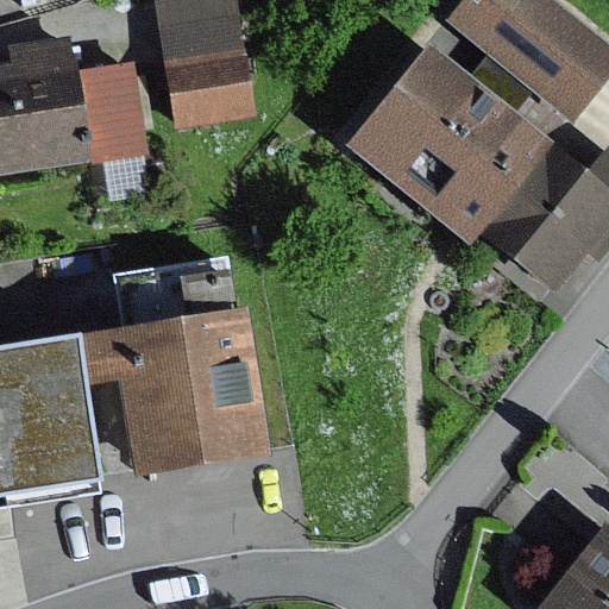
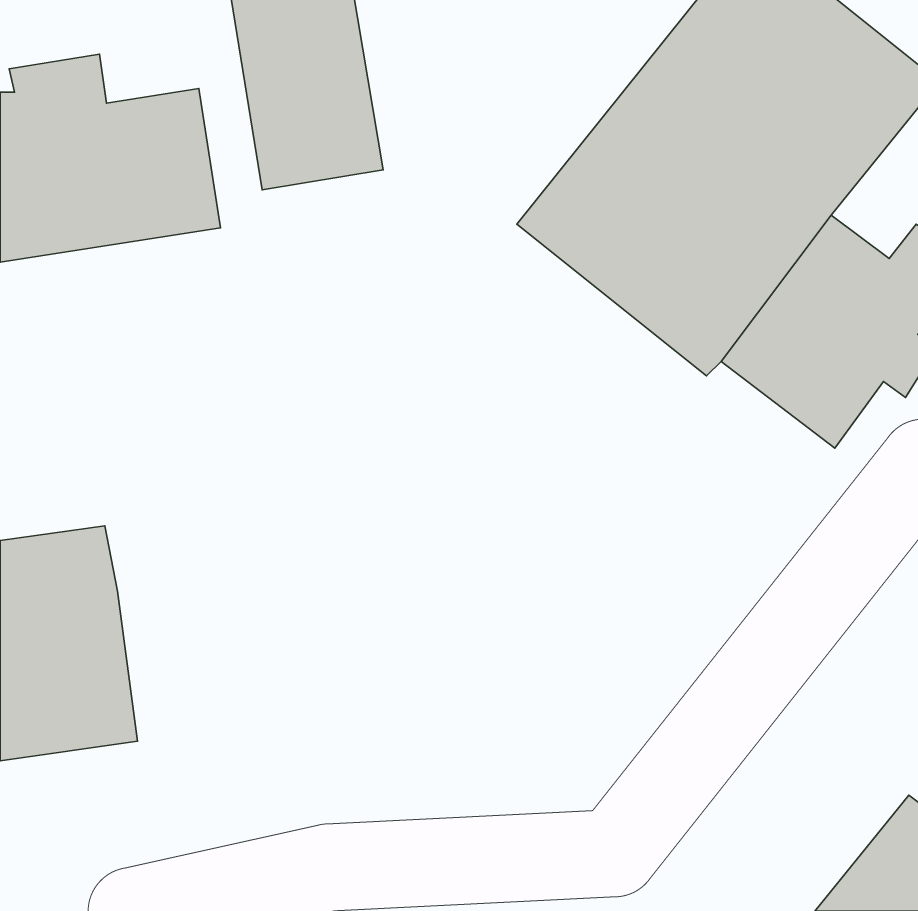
building: [73,255,263,477] -> none

